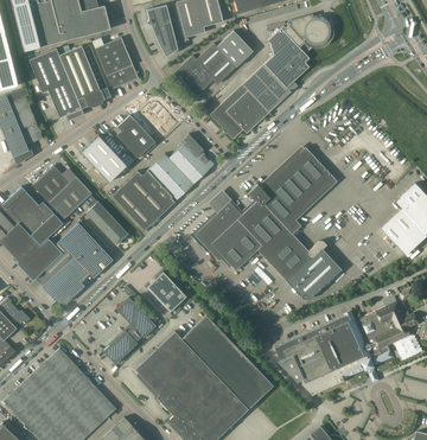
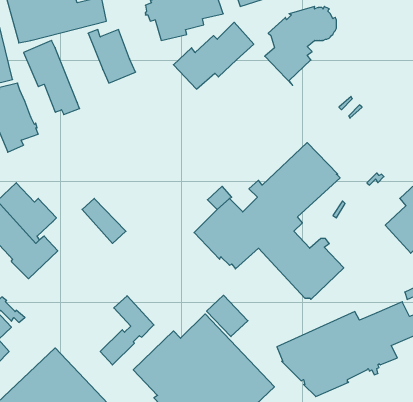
building: [59,45,110,108] -> none
building: [209,63,291,139] -> none
building: [116,108,177,158] -> none
building: [111,134,213,230] -> none
building: [82,135,127,183] -> none
building: [32,165,91,219] -> none
building: [42,223,113,302] -> none
building: [146,272,186,312] -> [207,295,248,337]

